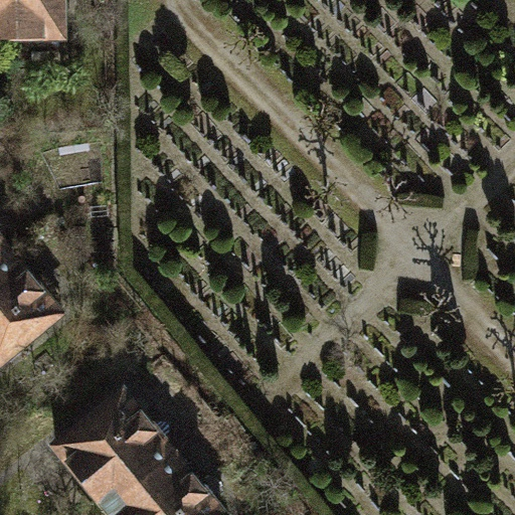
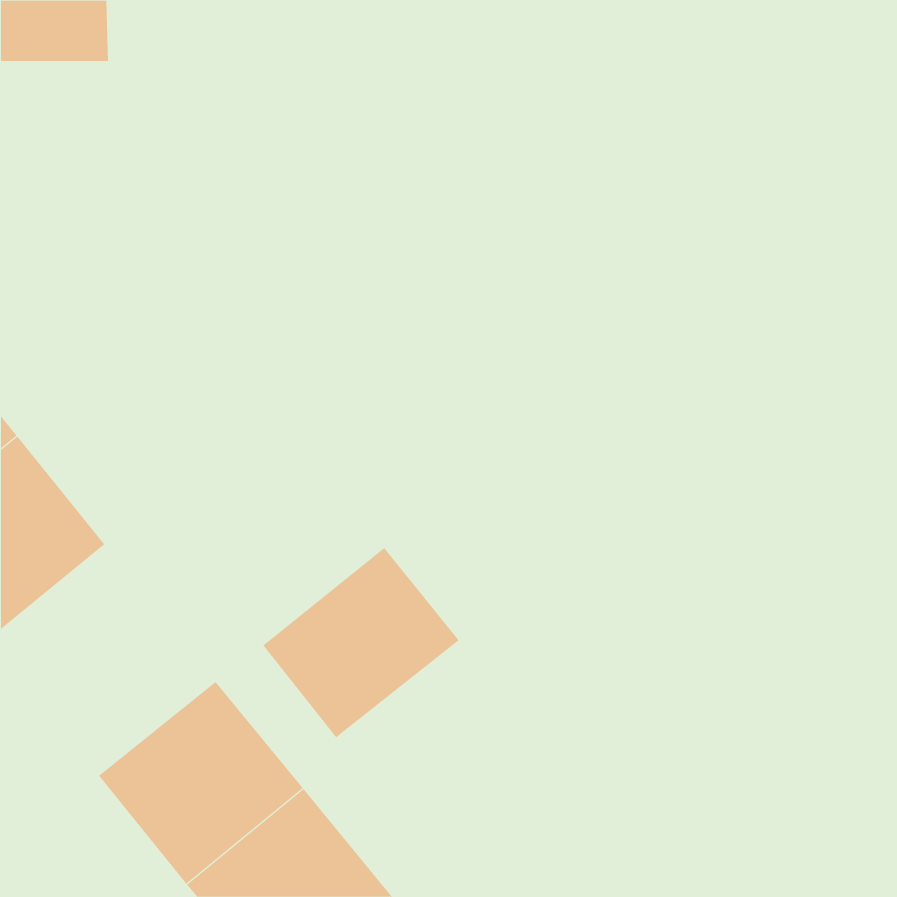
building: none -> [263,547,459,738]

